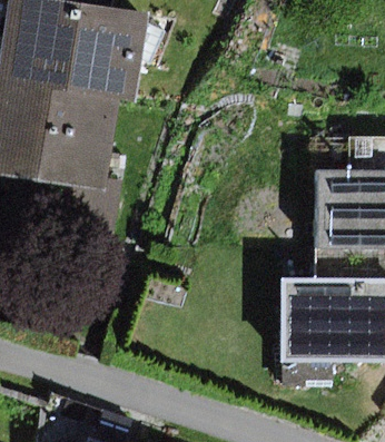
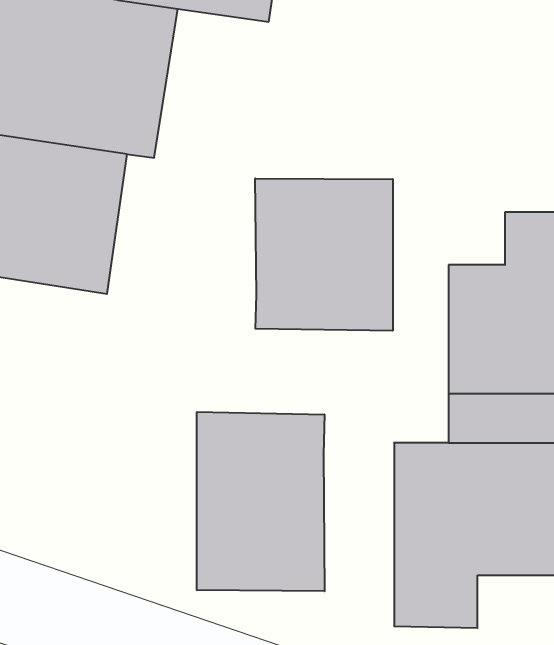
building: none -> [255,178,393,331]
building: none -> [197,412,325,591]

